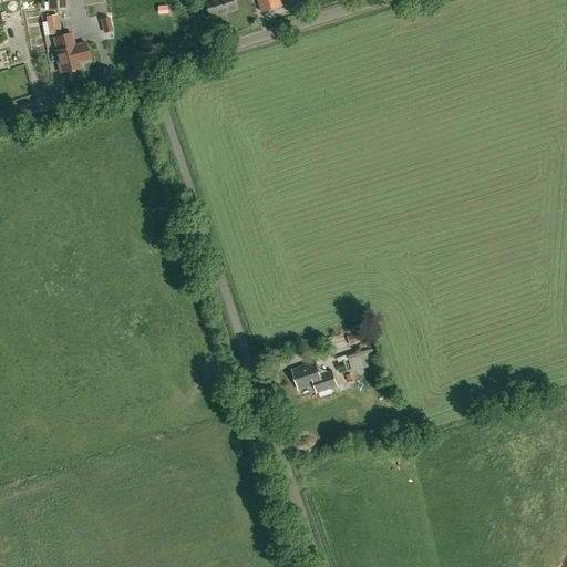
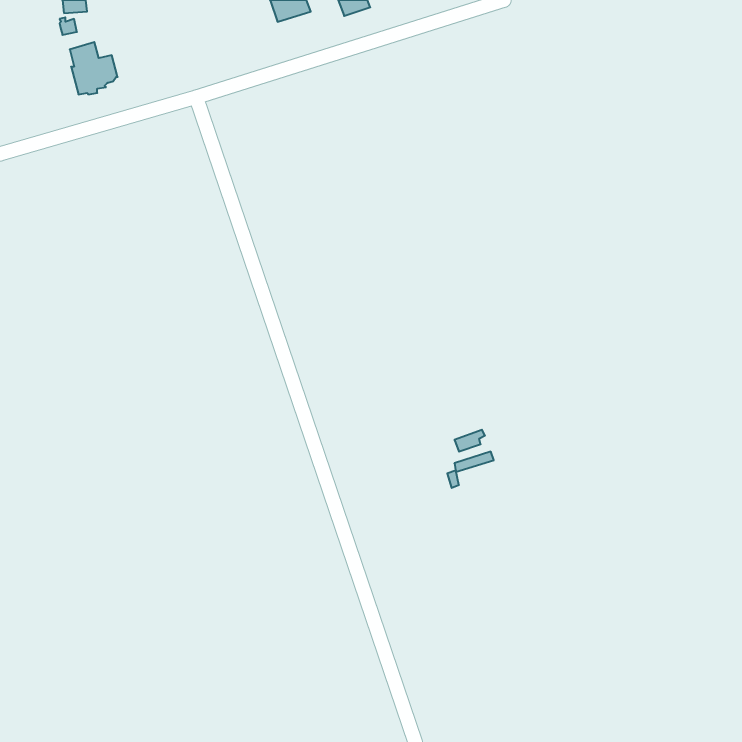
building: [292,361,337,392] -> none

